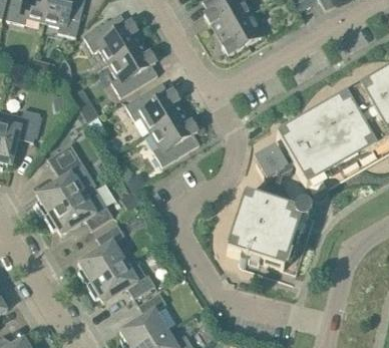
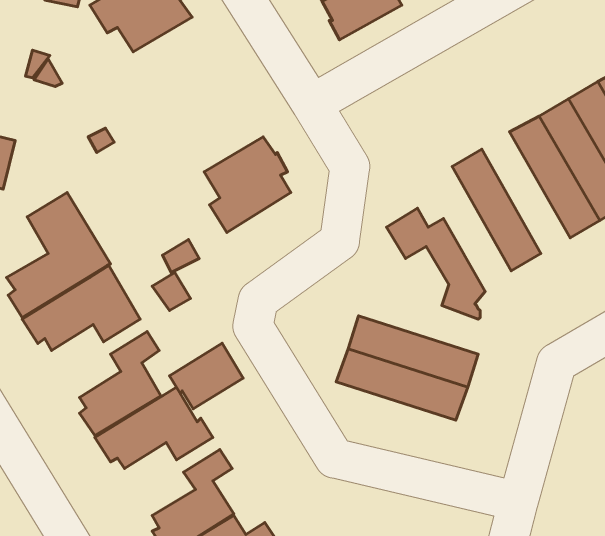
building: [107,40,156,95] -> none
building: [124,80,182,129] -> none
building: [309,106,360,177] -> none
building: [275,126,326,199] -> none
building: [238,194,313,235] -> none
building: none -> [170,343,243,409]

